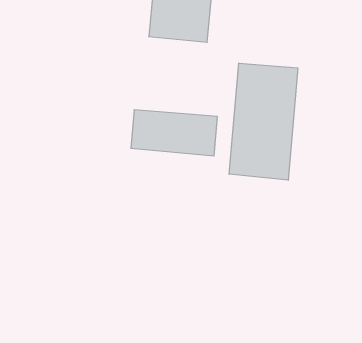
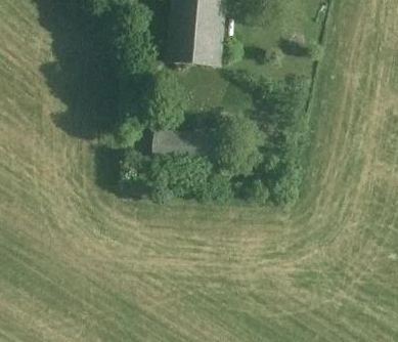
building: [229,63,298,180] -> none

